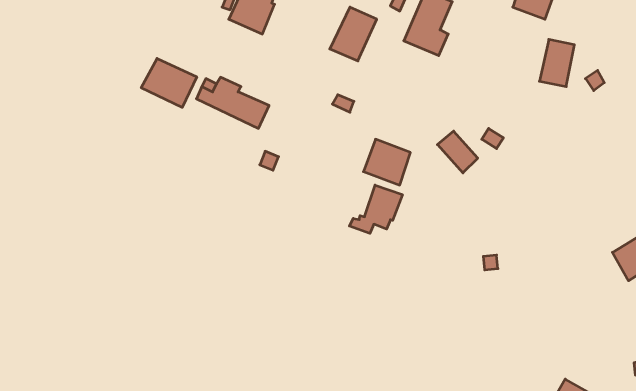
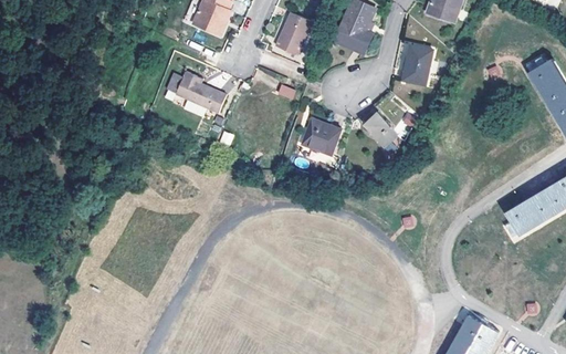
building: [539,39,574,87] -> [402,48,431,86]
building: [141,58,197,107] -> none
building: [349,185,402,233] -> none

